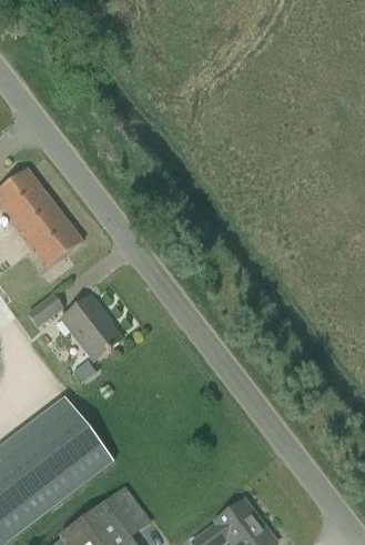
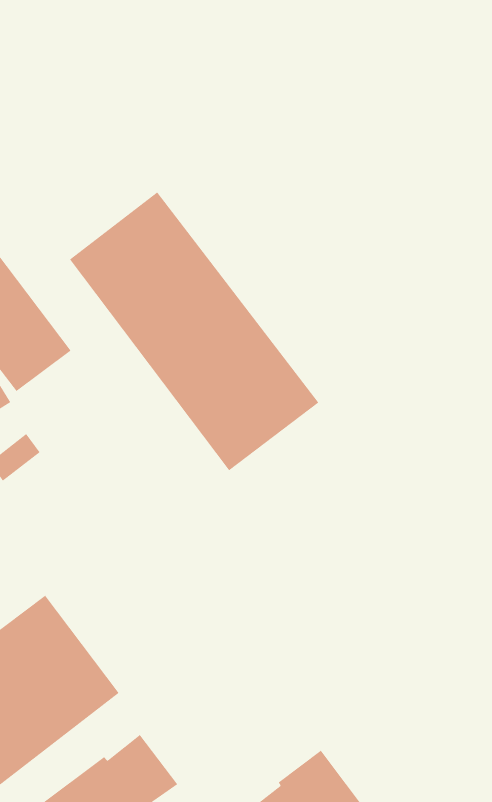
building: none -> [69,192,319,471]
building: [61,294,122,359] -> none

